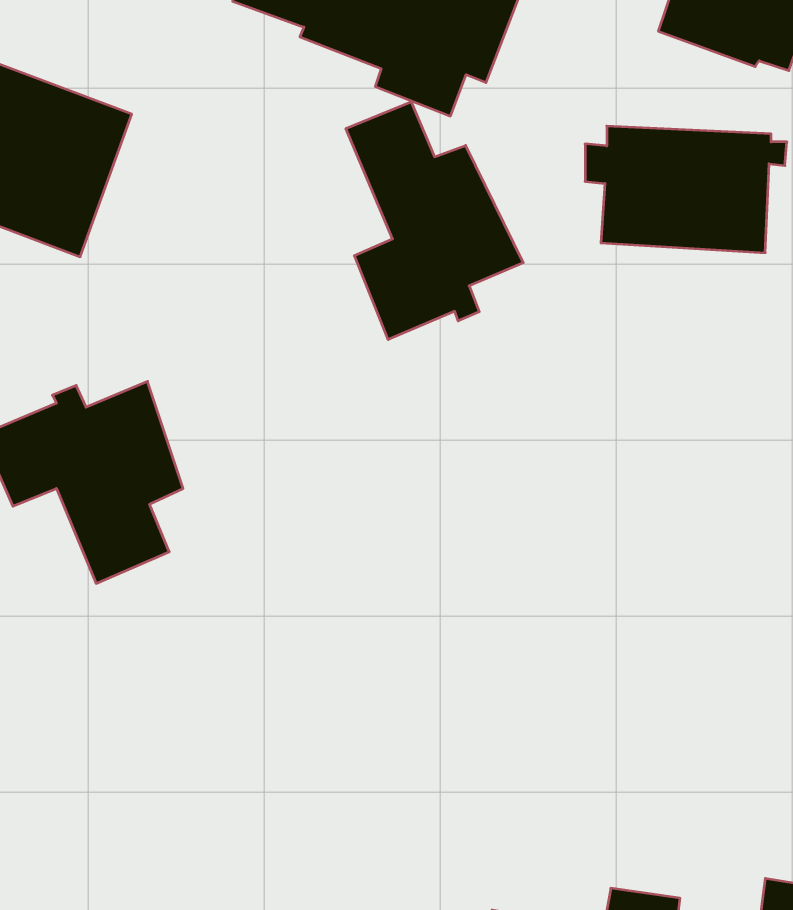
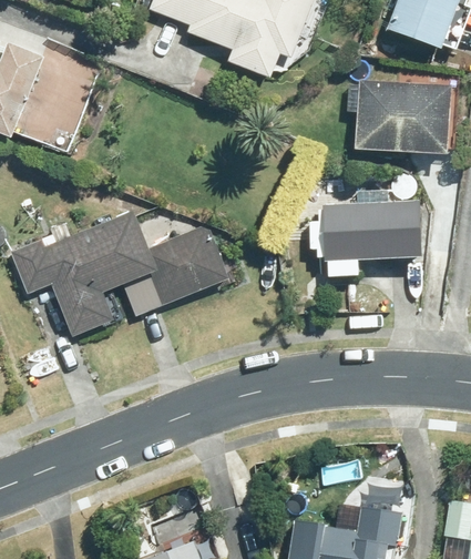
building: [346,102,523,340] -> none
building: none -> [308,190,422,275]
building: none -> [102,210,229,316]

